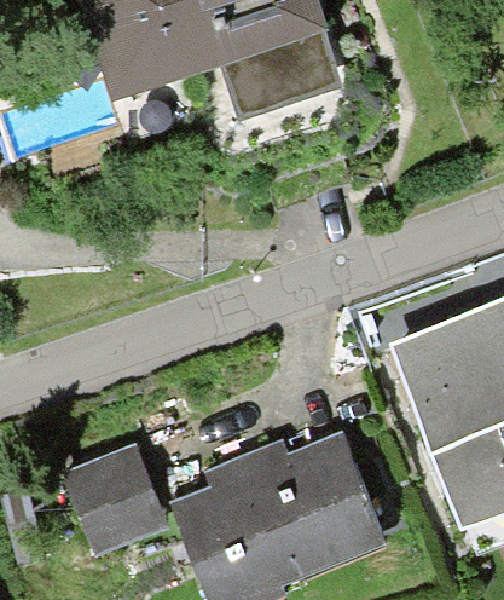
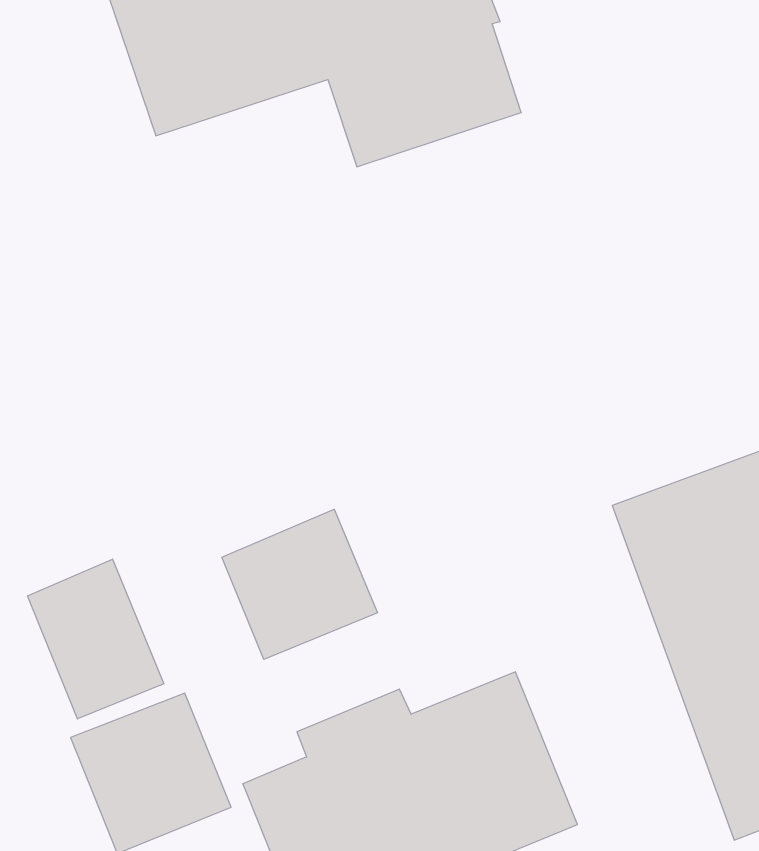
building: none -> [222,509,377,659]
building: none -> [27,559,164,719]

